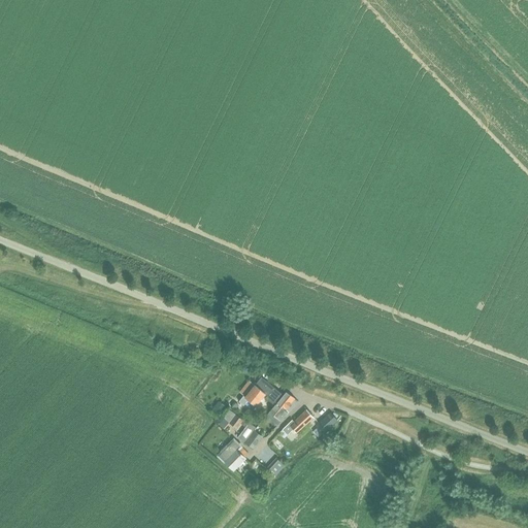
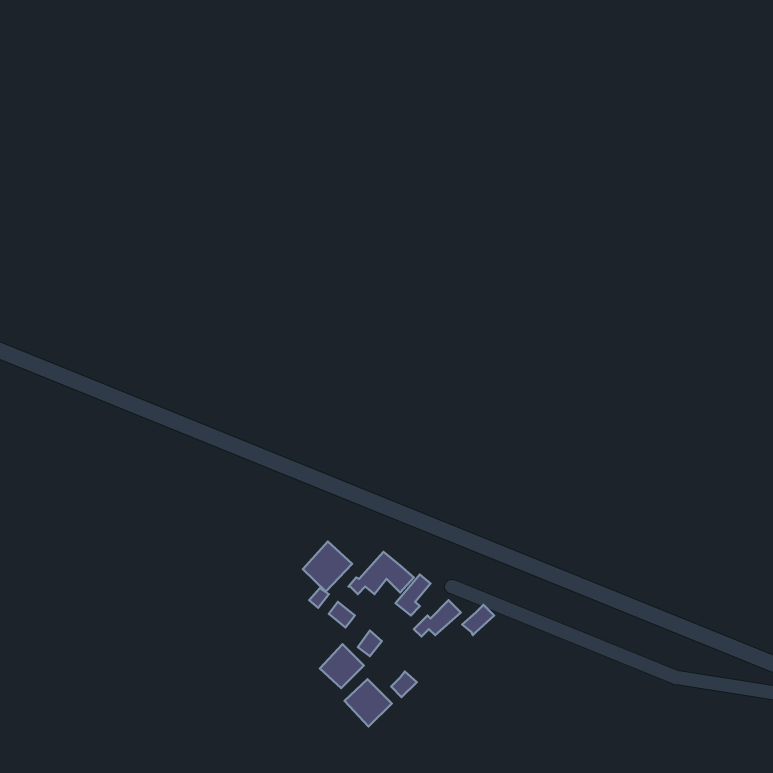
building: none -> [303,542,352,591]
building: none -> [344,679,392,727]

